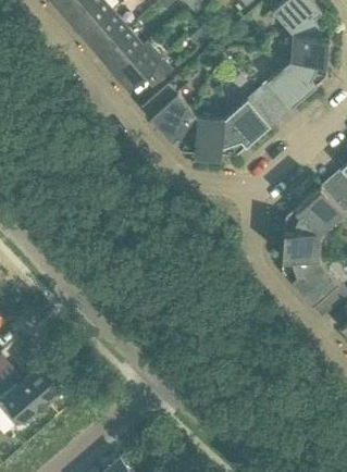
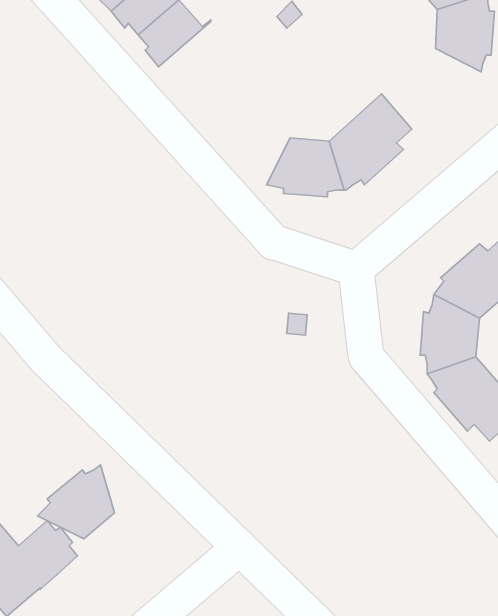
building: [114,42,173,88] -> none
building: [258,60,322,112] -> none
building: [147,84,199,148] -> none
building: none -> [38,465,115,539]

